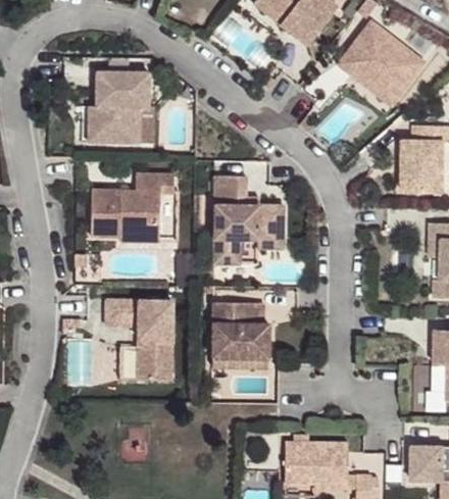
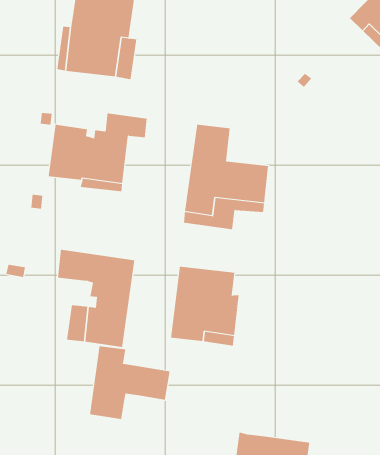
building: none -> [90,346,170,420]

